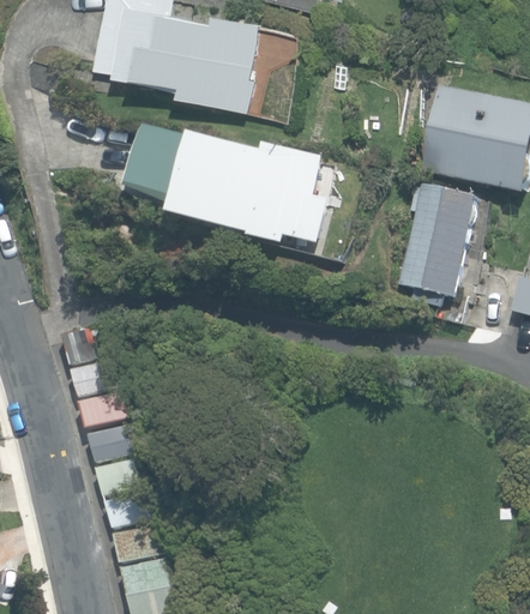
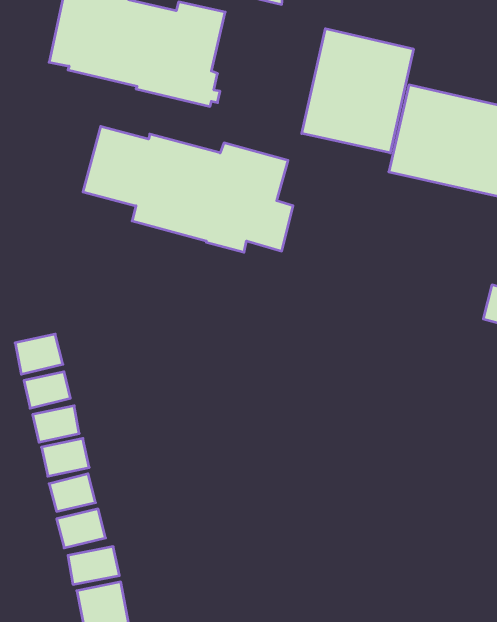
building: none -> [302,29,413,153]
building: [396,182,476,307] -> none

